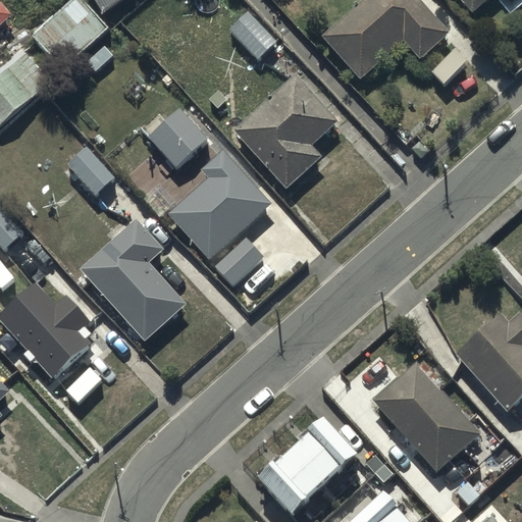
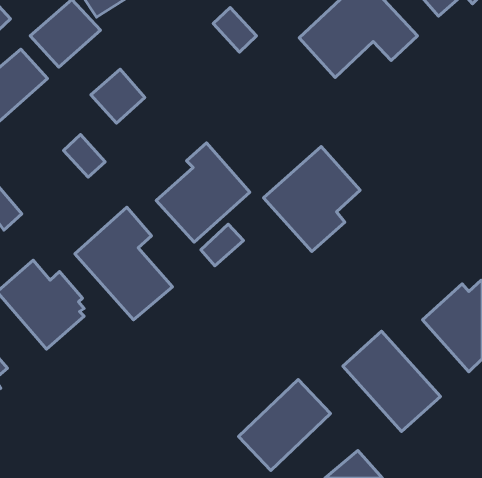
building: [233,79,337,192] -> [263,147,360,252]
building: [149,106,207,164] -> [91,69,145,123]

